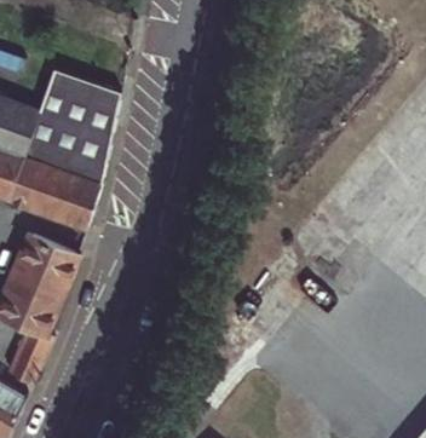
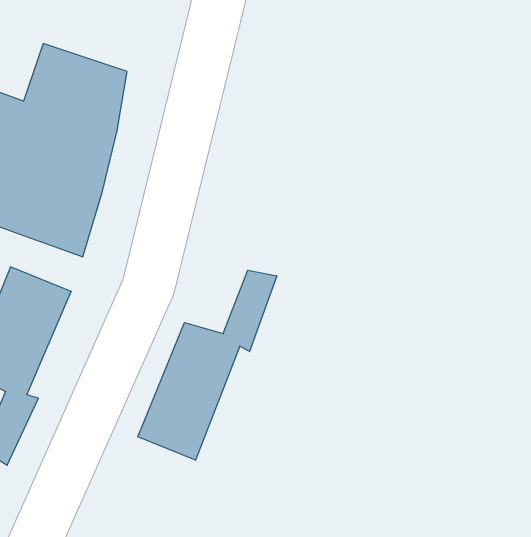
building: none -> [138,270,277,460]

